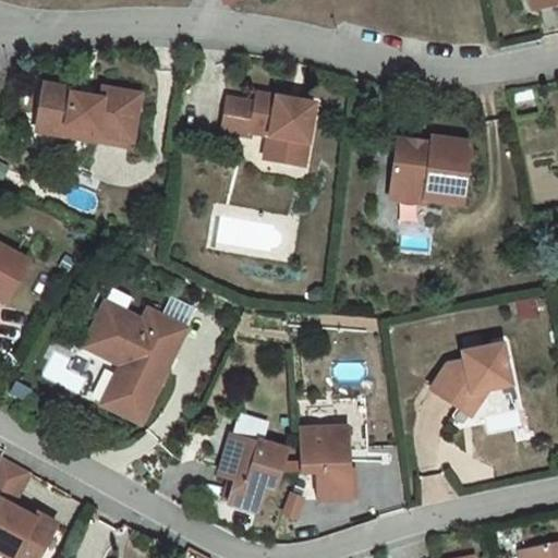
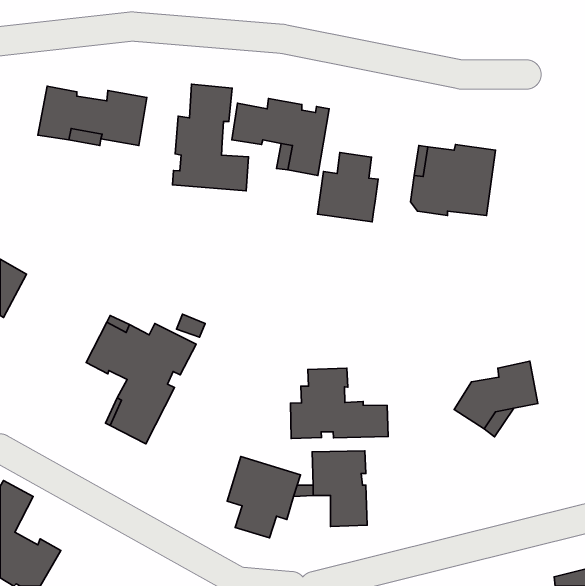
building: none -> [172,84,248,191]
building: none -> [317,153,378,222]
building: none -> [290,368,388,439]

